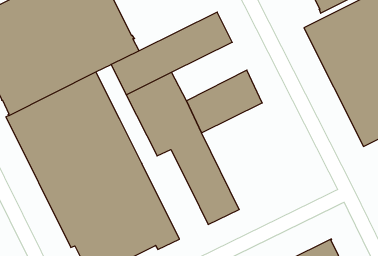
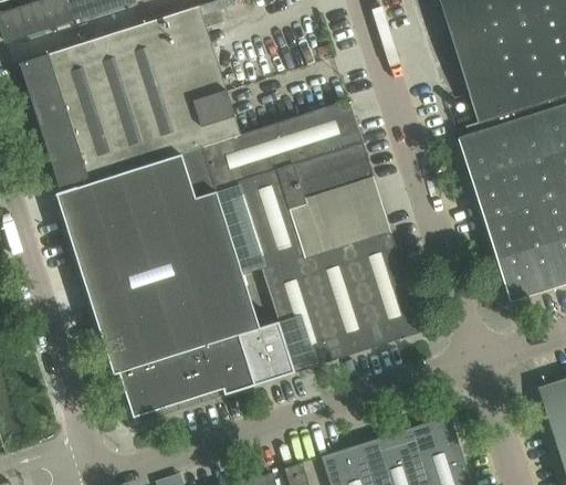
building: none -> [277,143,375,209]
building: none -> [180,147,294,386]
building: none -> [304,226,422,359]

